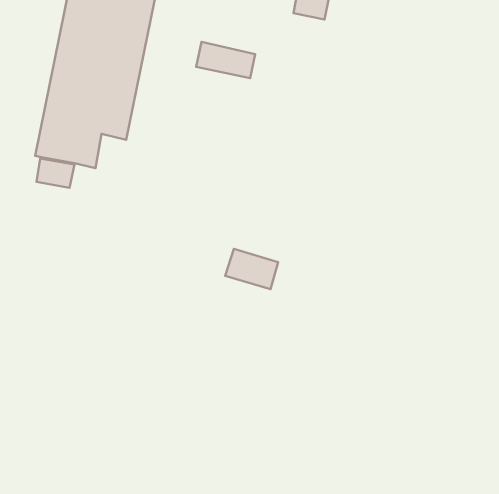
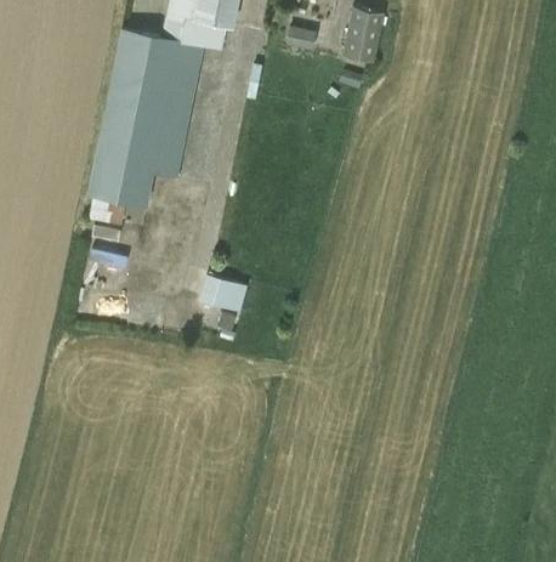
building: [196,42,255,78] -> none
building: [225,249,278,289] -> [193,272,245,312]

